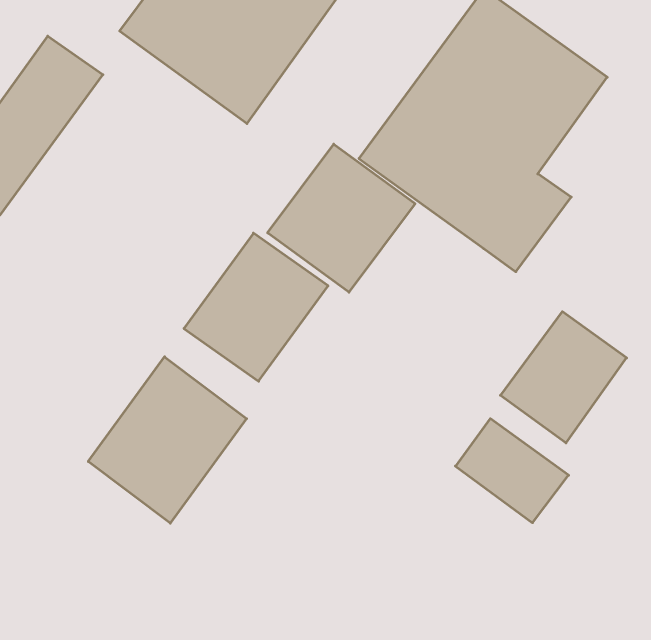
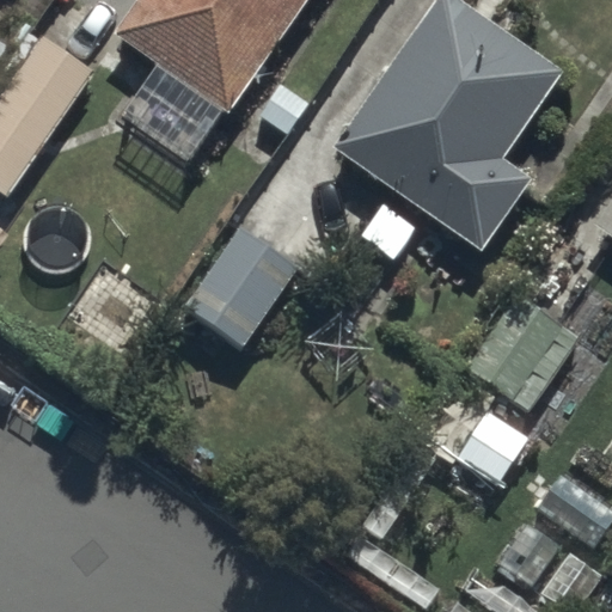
building: [268,144,415,292] -> none
building: [88,357,247,523] -> none

